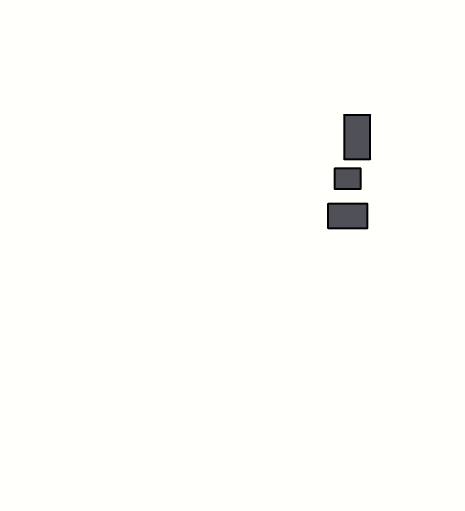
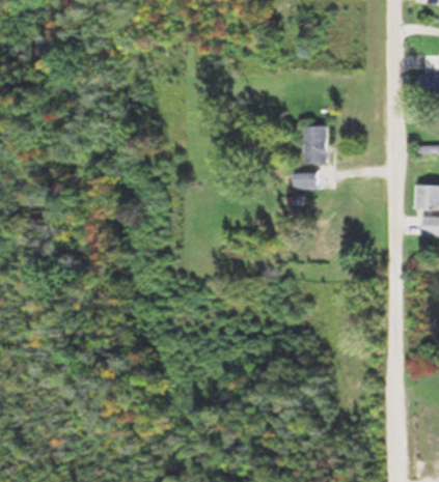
building: [328,204,367,228] -> none

